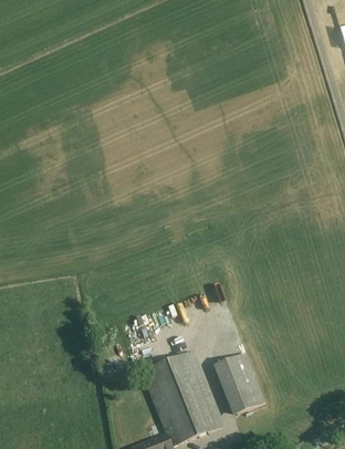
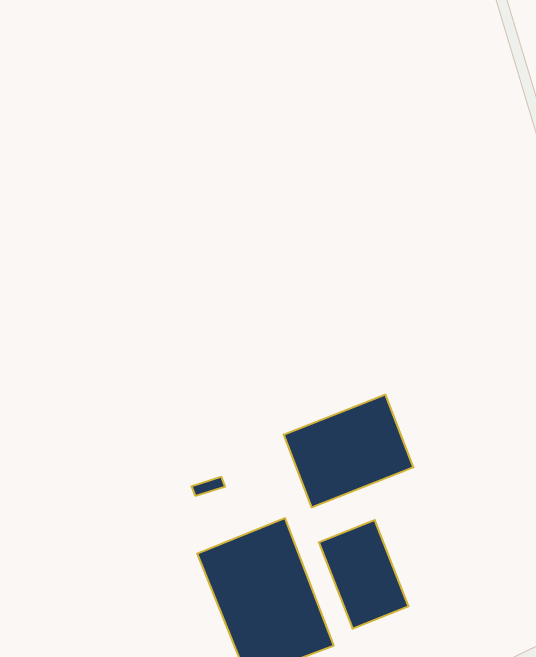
building: none -> [284,395,413,507]

